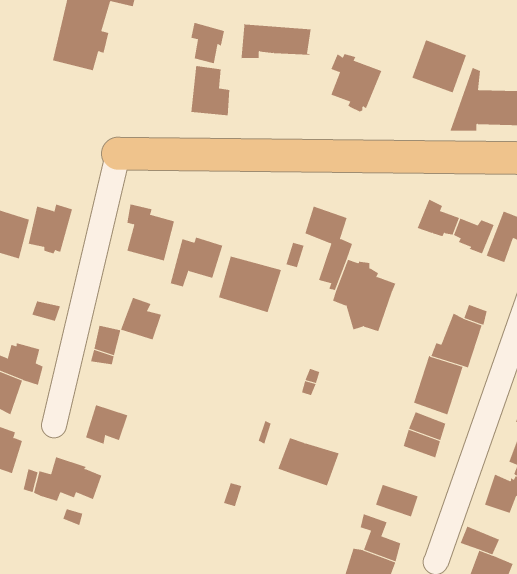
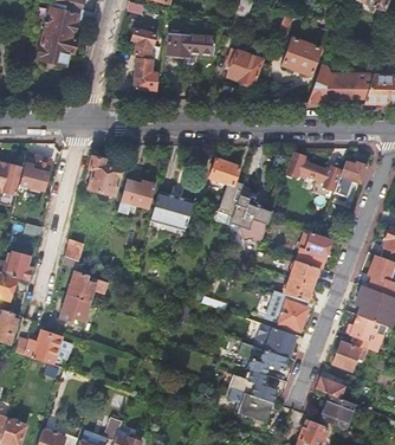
building: [120,297,162,340] -> [67,271,96,301]
building: [277,438,340,486] -> [254,323,297,356]

